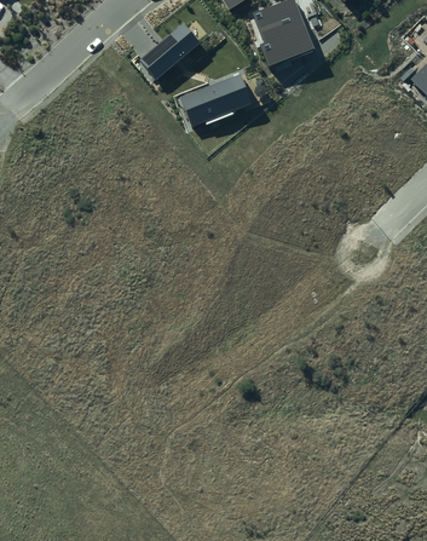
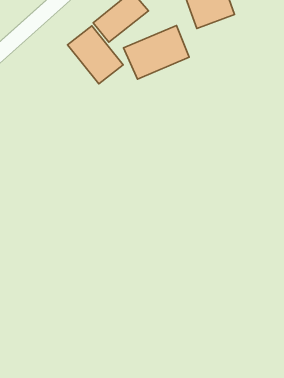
building: none -> [67,26,123,84]

